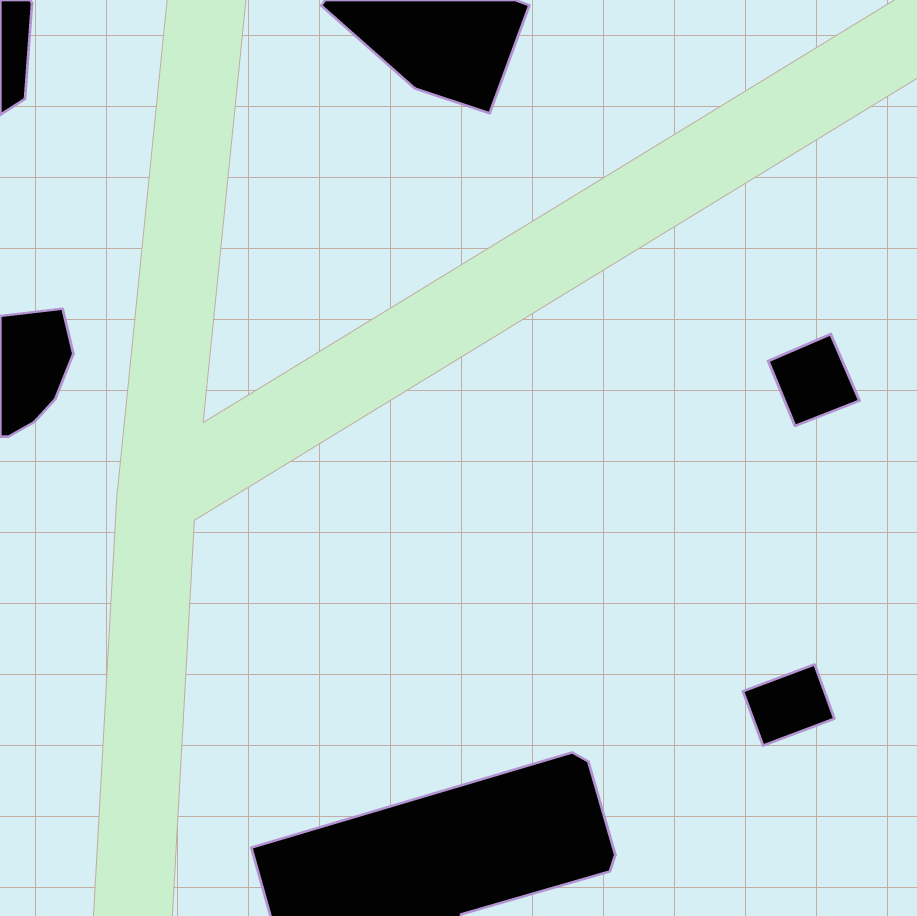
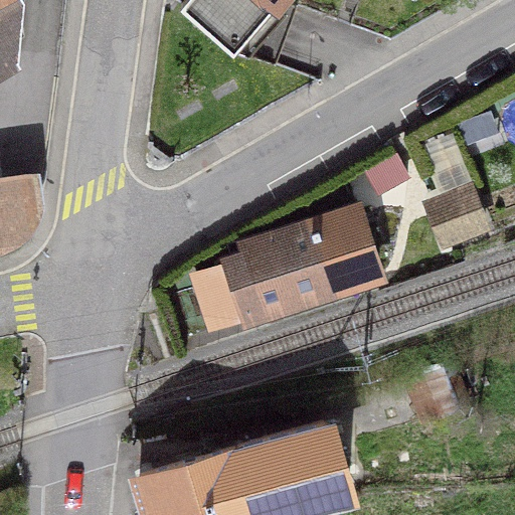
building: none -> [227,210,377,313]

